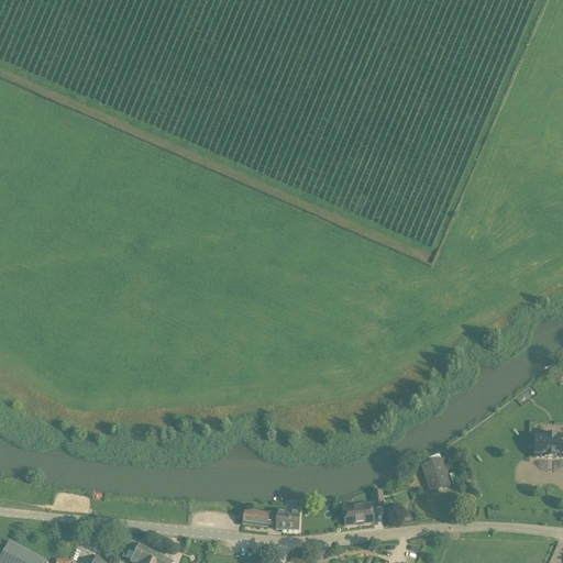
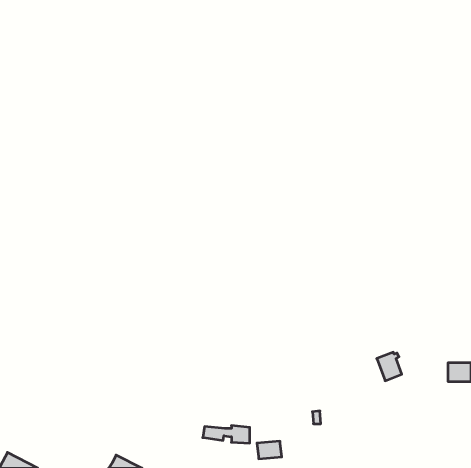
building: [420,456,450,490] -> [377,352,402,381]
building: [343,503,373,523] -> [257,441,282,459]

